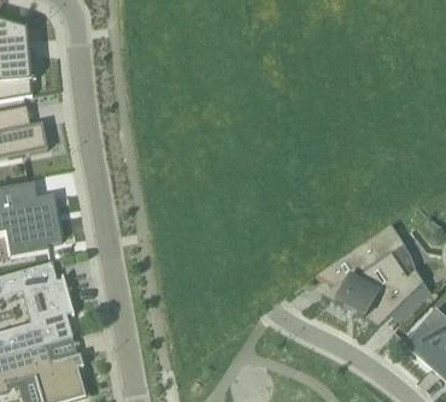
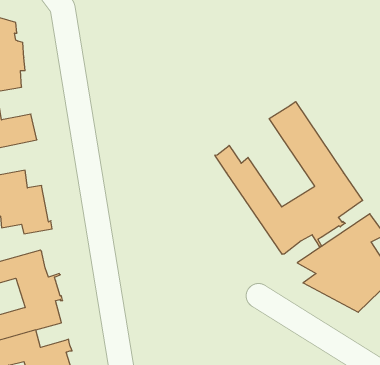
building: none -> [215,102,363,254]

